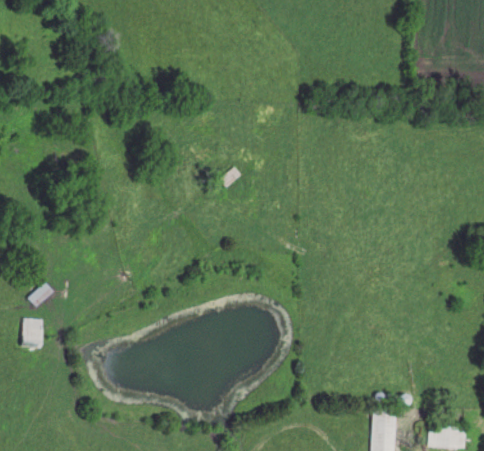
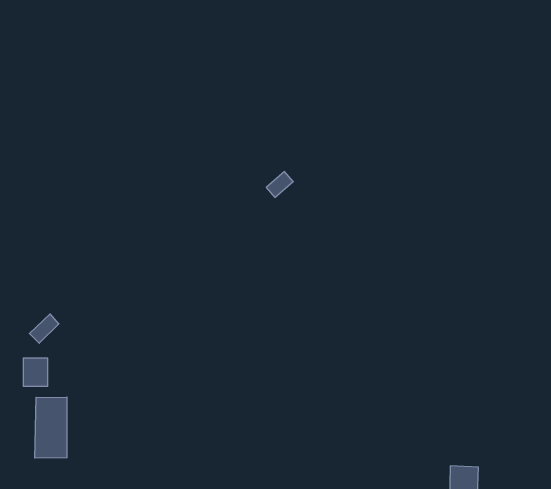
building: none -> [35,397,67,458]

